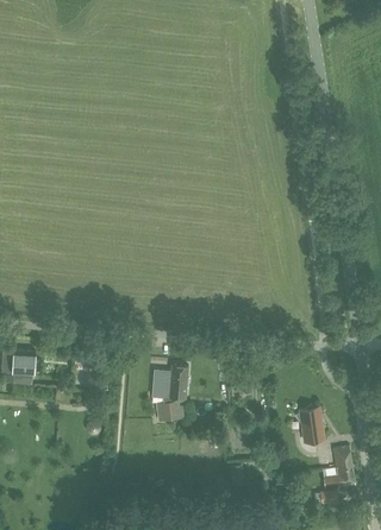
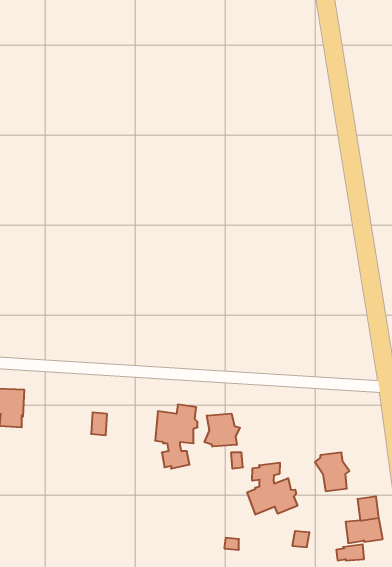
building: none -> [204,414,240,447]
building: none -> [247,463,297,515]

